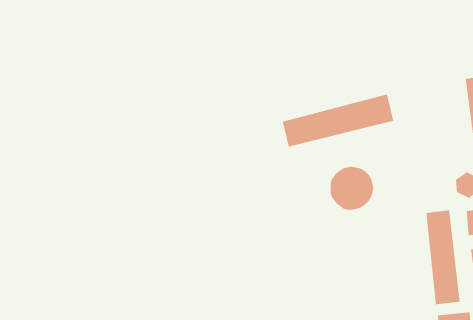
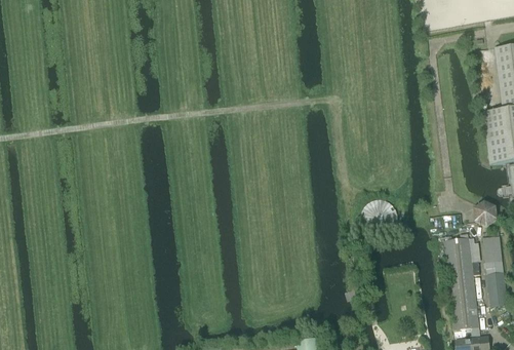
building: [282,93,394,148] -> none

